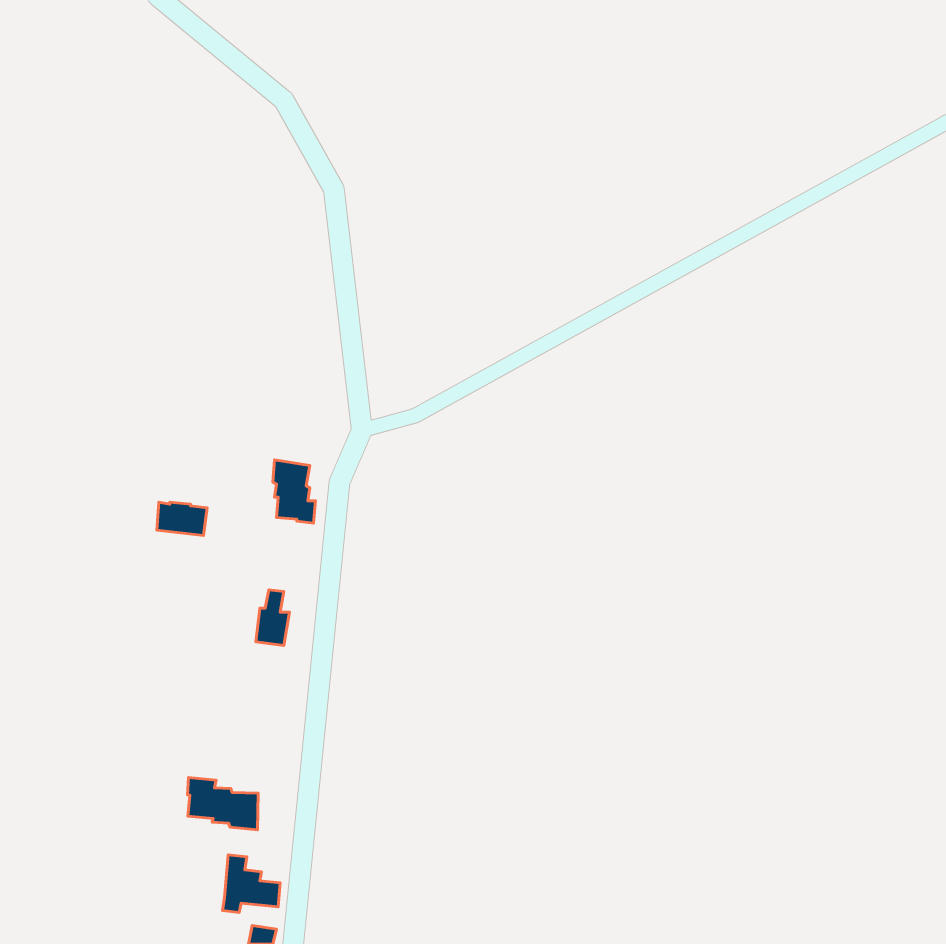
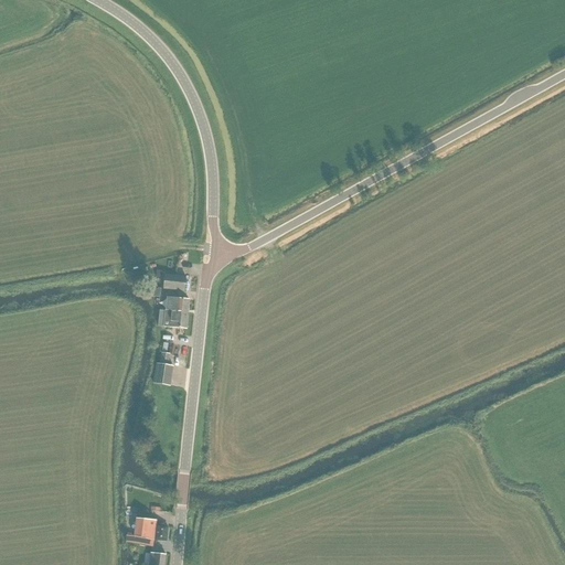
building: [157,502,207,536] -> [157,308,186,328]
building: [187,777,258,830] -> none

